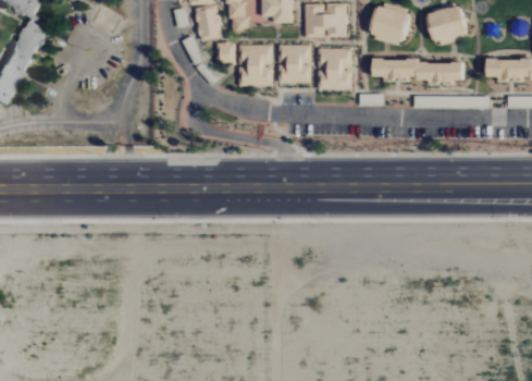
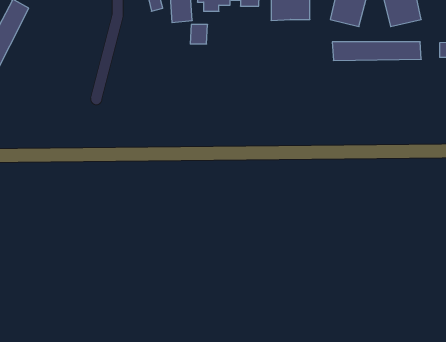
building: [240,44,274,85] -> none
building: [280,44,312,82] -> none
building: [319,47,352,89] -> none

